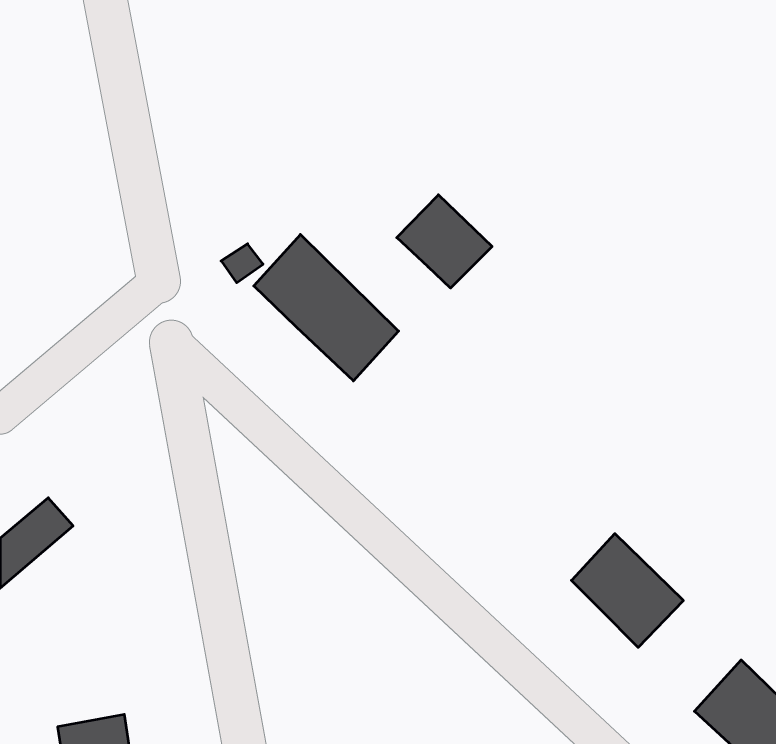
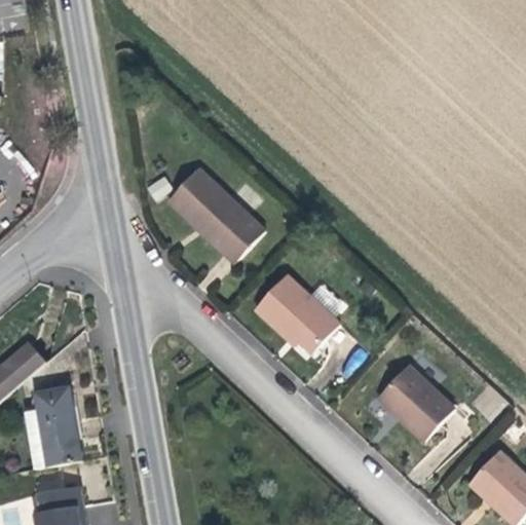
building: [397,195,492,288] -> none
building: none -> [255,275,338,351]
building: none -> [37,382,83,463]

